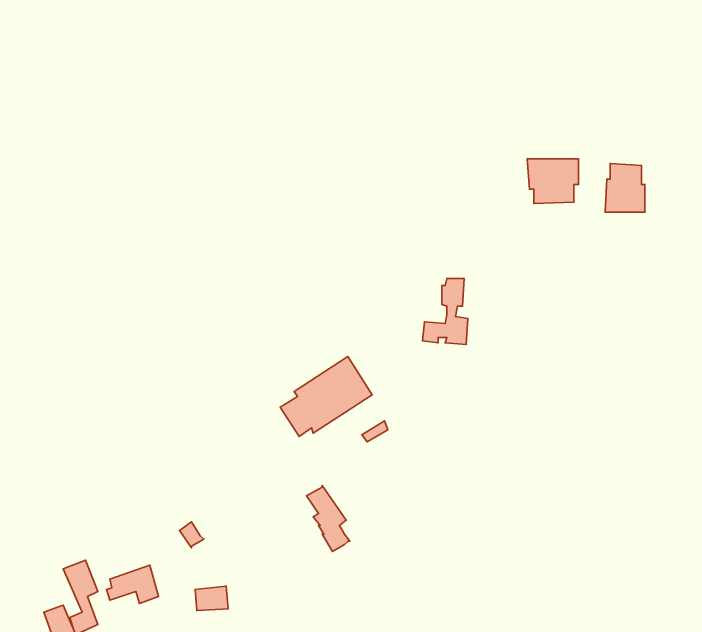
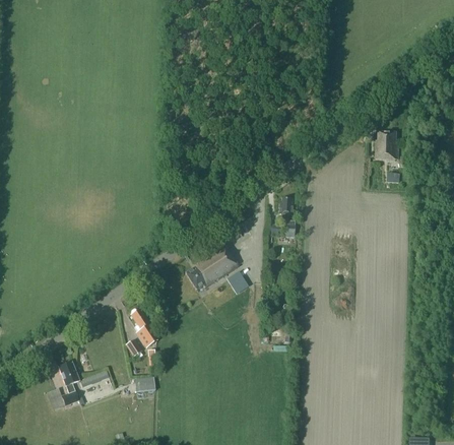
building: [527,159,578,204] -> none
building: [306,486,350,552] -> [130,309,155,347]

